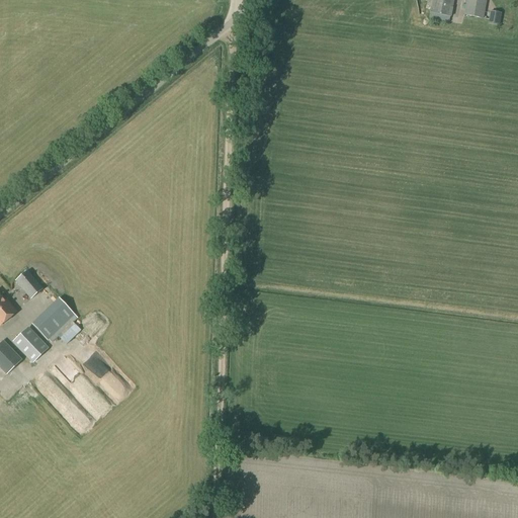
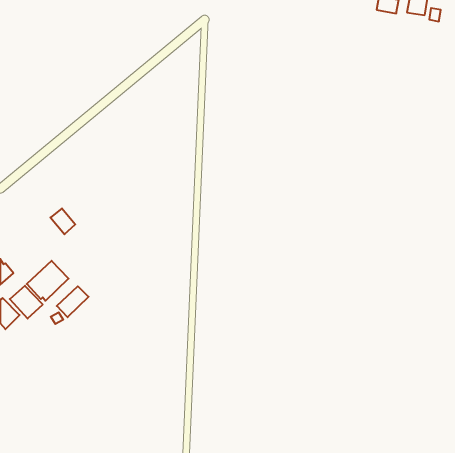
building: [14,269,42,298] -> [50,208,75,234]
building: none -> [57,286,89,317]

